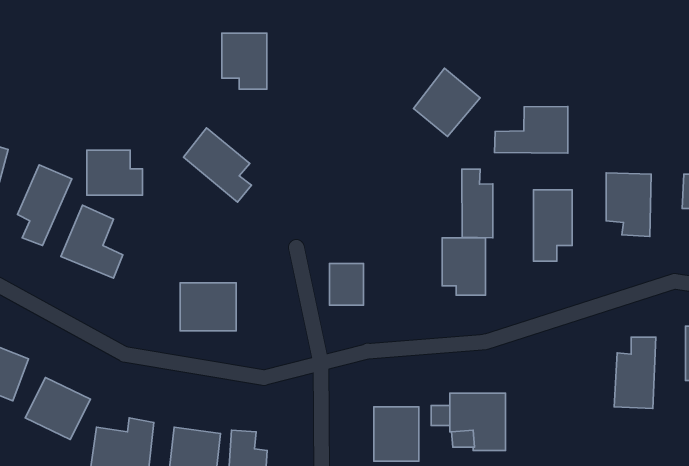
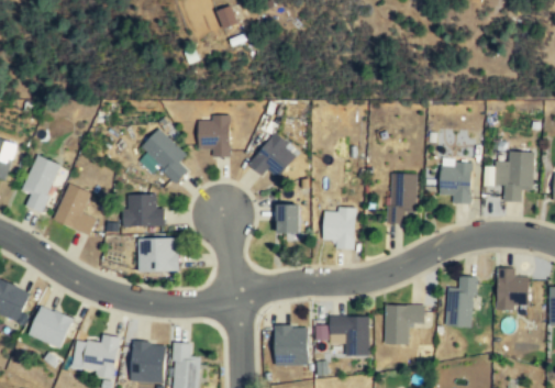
building: [222,33,267,89] -> [198,118,230,157]
building: [414,68,480,137] -> [251,133,298,181]
building: [494,106,568,153] -> none
building: [87,150,142,195] -> [124,195,164,226]
building: [462,169,493,238] -> none
building: [329,263,364,305] -> [276,203,300,233]
building: none -> [384,306,424,345]

